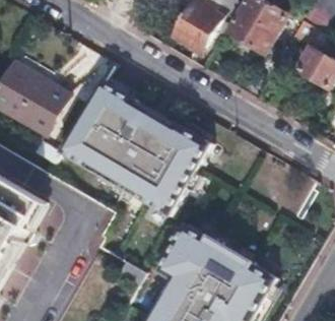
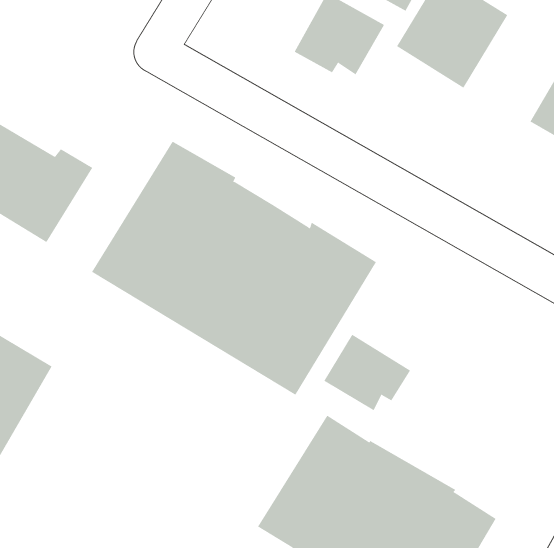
building: none -> [324,334,411,411]

